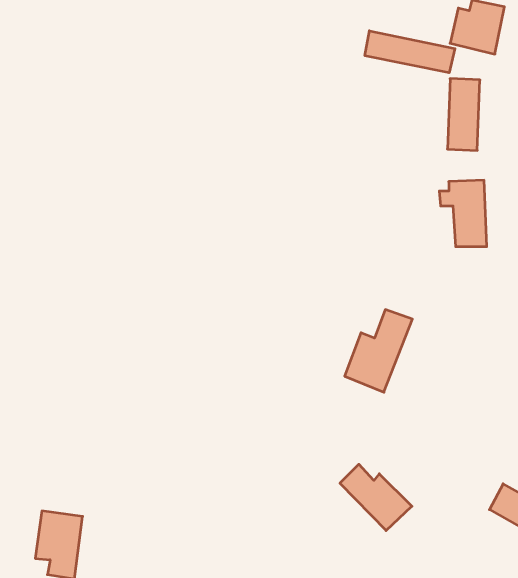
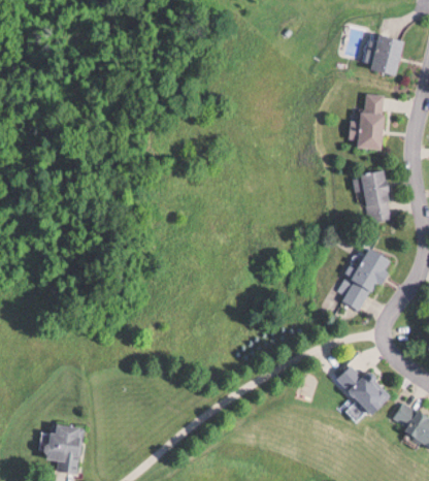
building: [365,31,455,73] -> none
building: [345,310,412,392] -> [335,250,387,313]
building: [340,464,412,531] -> [337,364,392,415]

